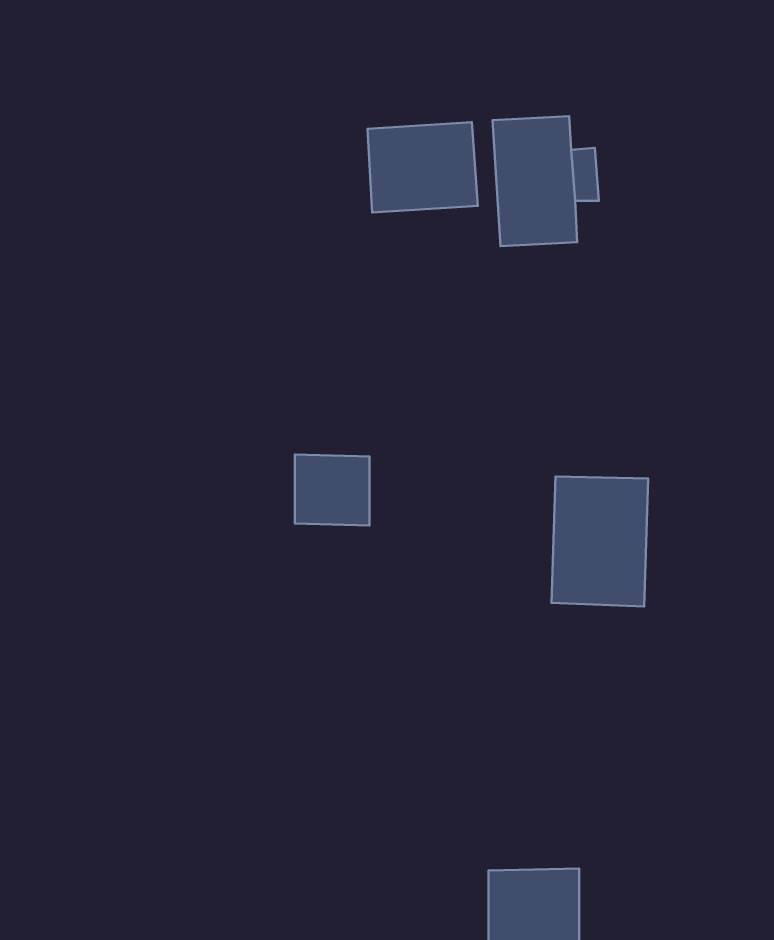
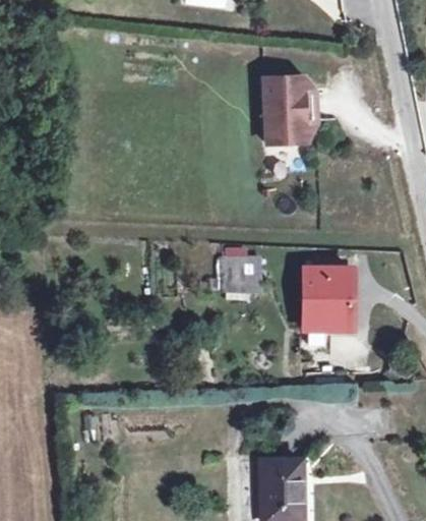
building: [368,122,478,212] -> none
building: [295,455,370,525] -> [217,249,255,286]

